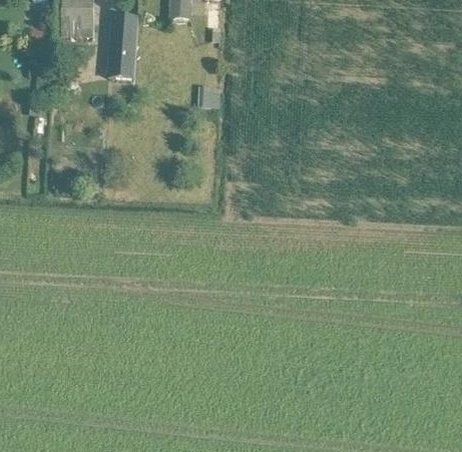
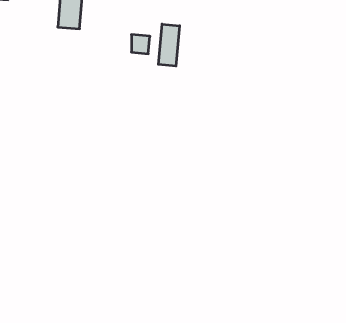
building: none -> [158,24,180,66]

